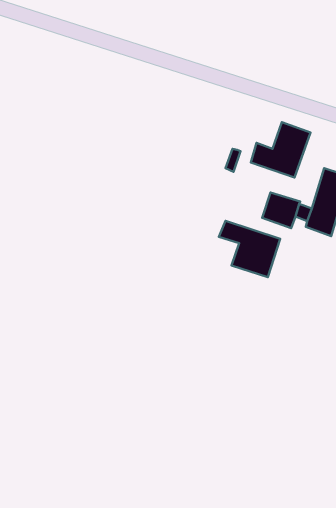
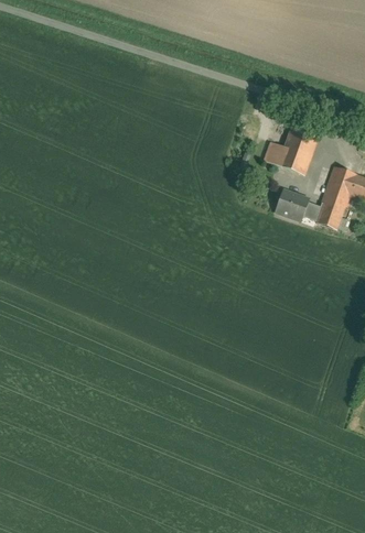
building: [219,221,280,277] -> none

